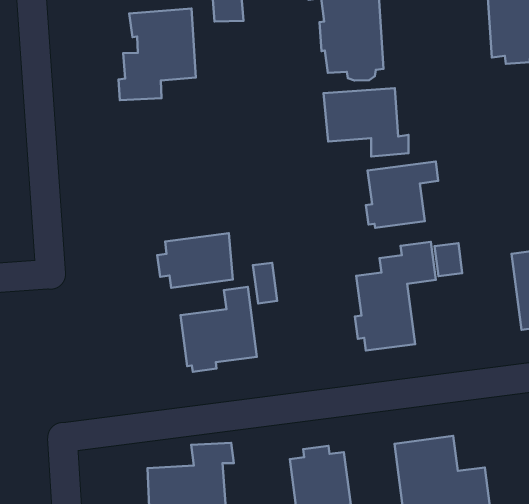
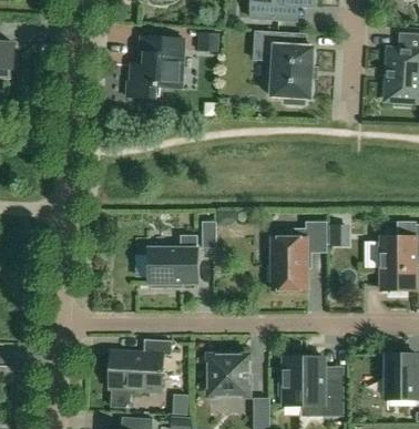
building: [324,88,408,157] -> none
building: [366,161,438,228] -> none
building: [157,233,233,288] -> none

